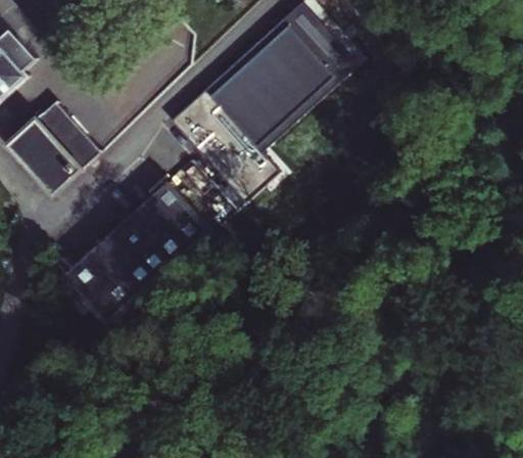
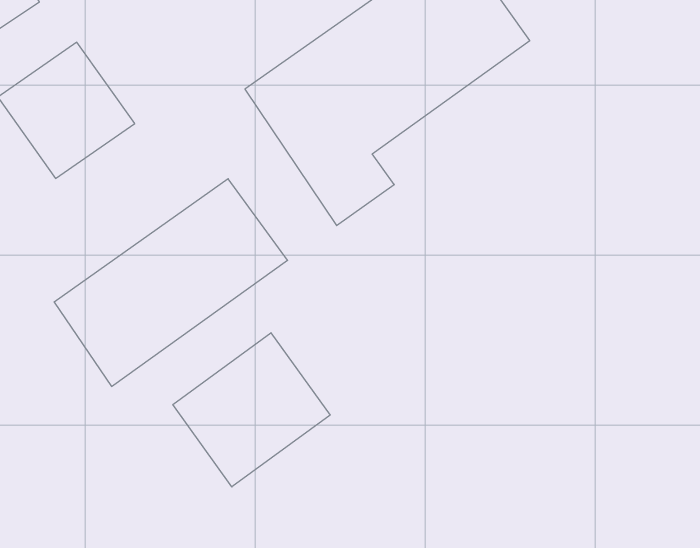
building: none -> [173,333,330,487]

